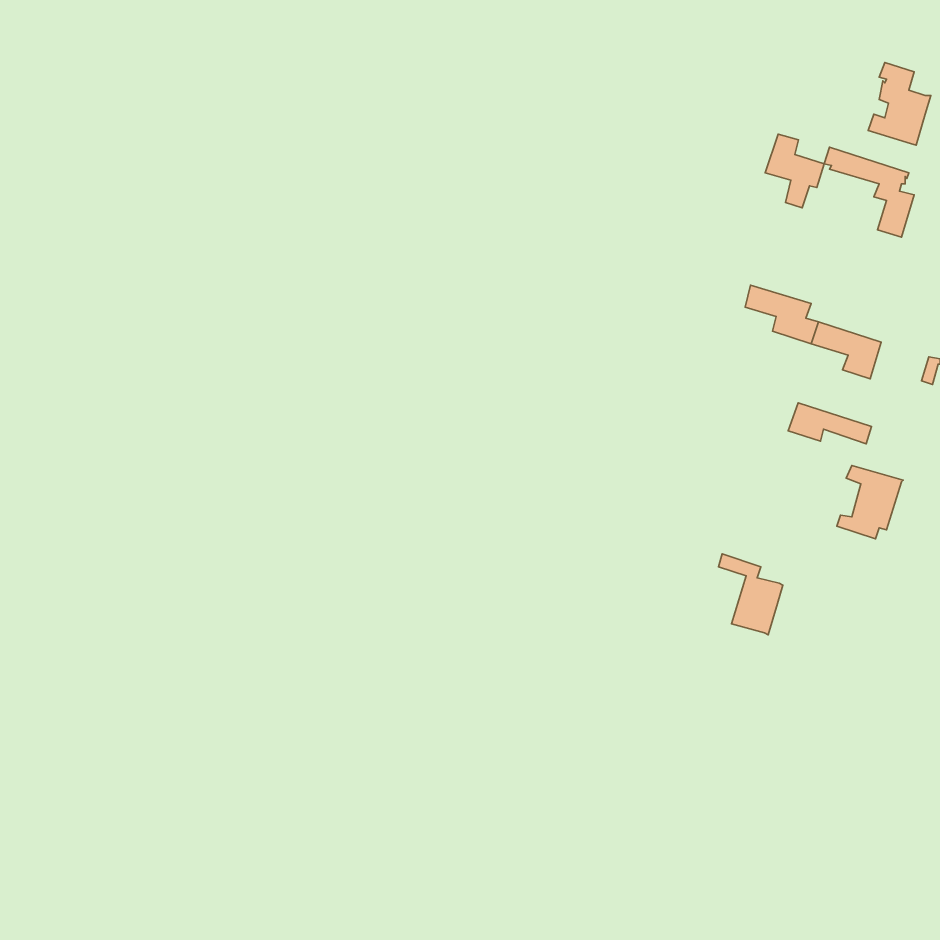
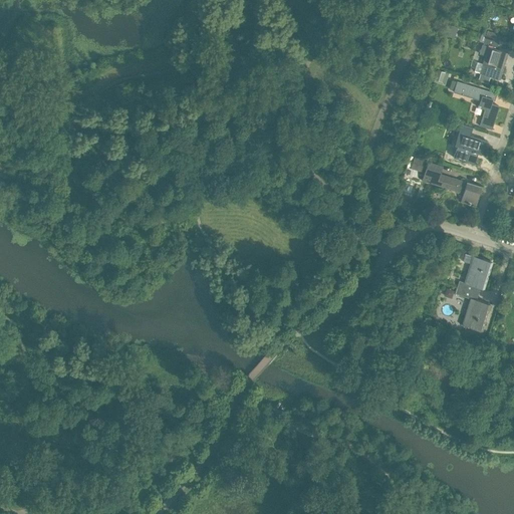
building: [765,134,824,208] -> [454,124,486,165]
building: [788,403,871,444] -> none
building: [719,554,783,635] -> [455,287,490,331]

